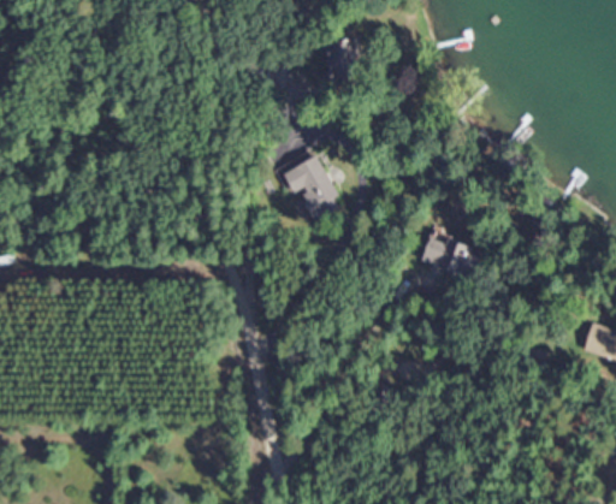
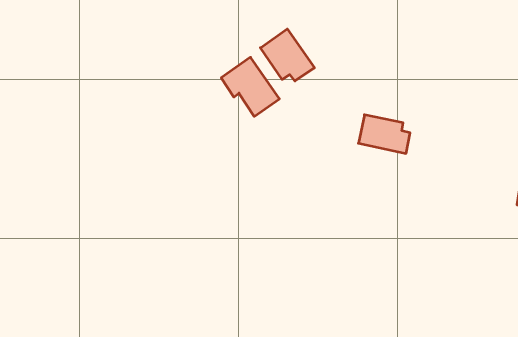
building: none -> [260,29,314,81]

